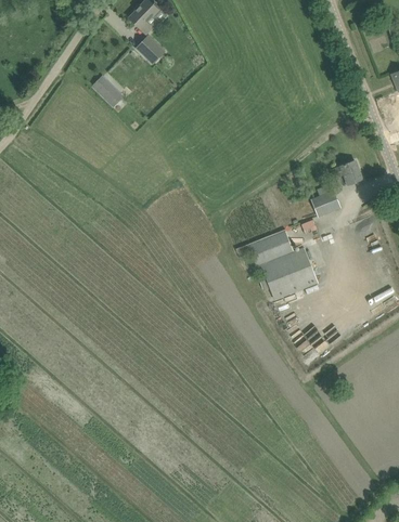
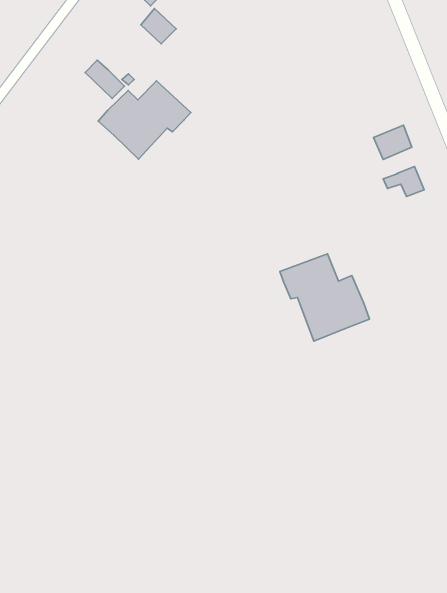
building: none -> [98,81,191,159]
building: [310,190,340,217] -> [374,125,412,159]

